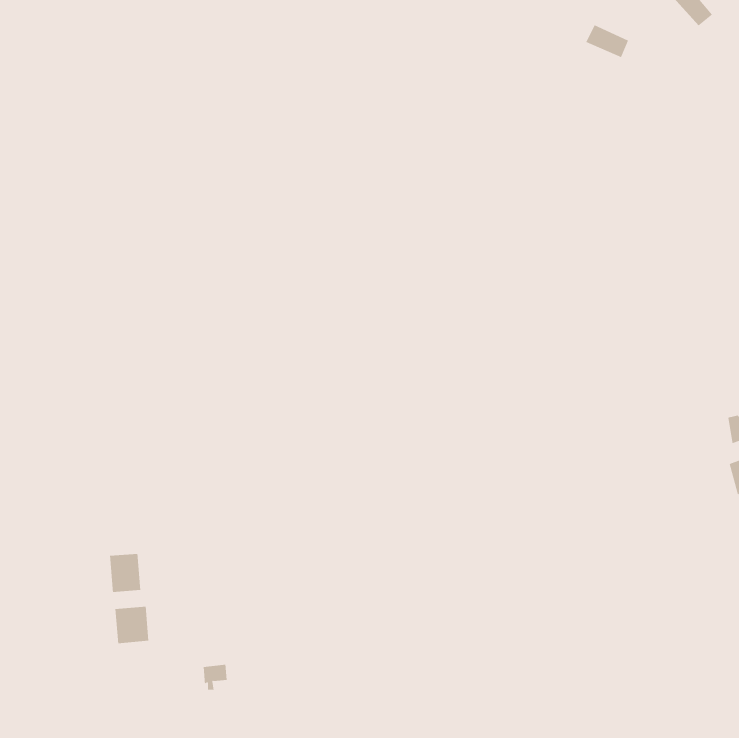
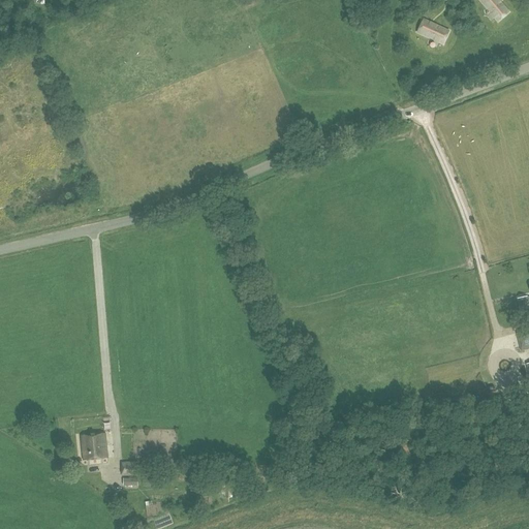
building: [109,553,141,593] -> none

